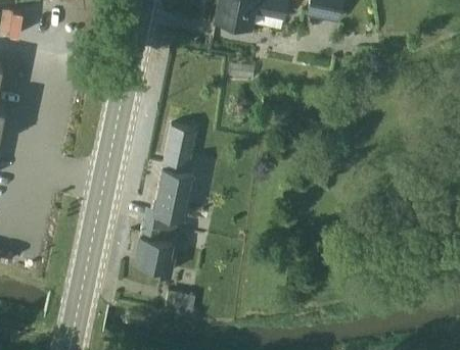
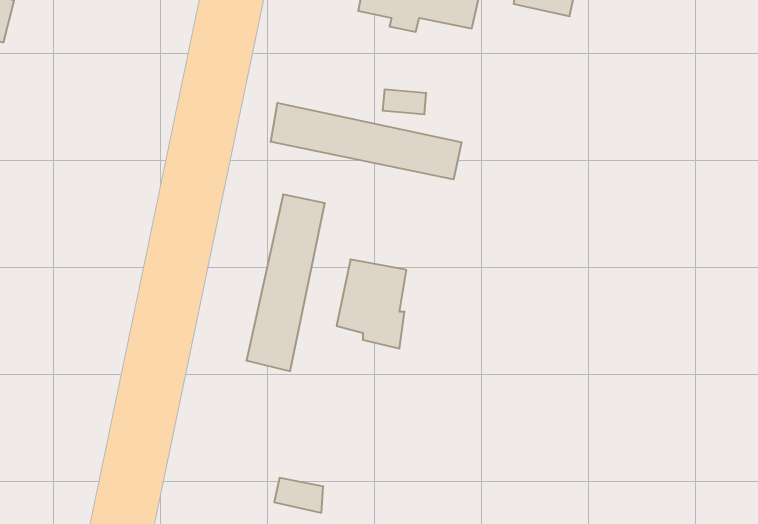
building: none -> [271,103,462,179]
building: [135,222,176,274] -> [337,259,406,349]

